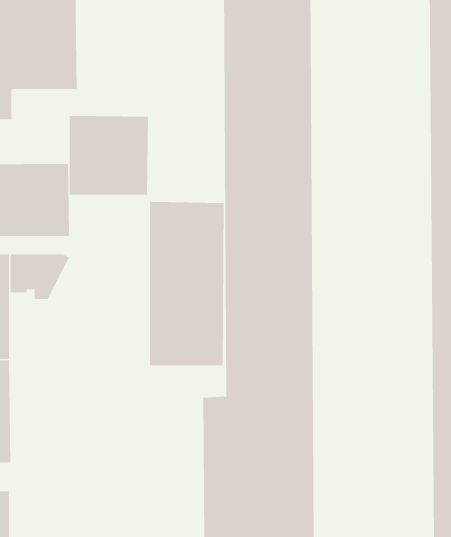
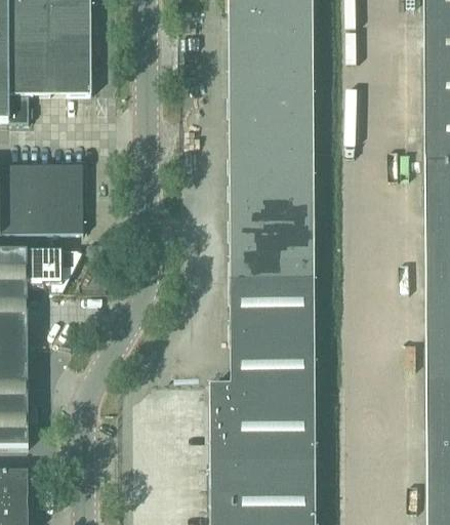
building: [69,115,149,196] -> none
building: [150,201,224,366] -> none

